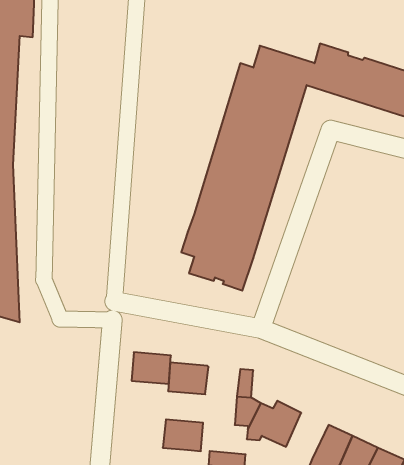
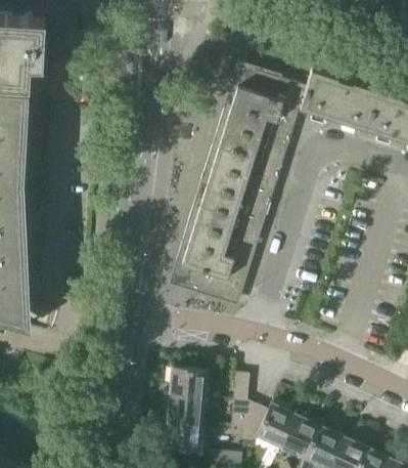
building: [132,352,171,384] -> [166,395,202,425]
building: none -> [278,416,318,459]

